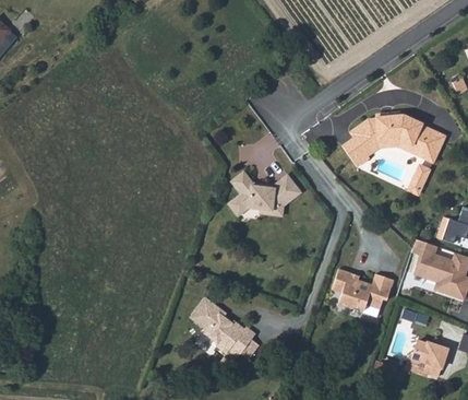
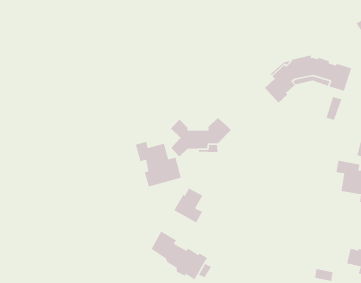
building: none -> [135,141,182,188]
building: none -> [173,187,203,224]
building: [333,267,395,308] -> none

